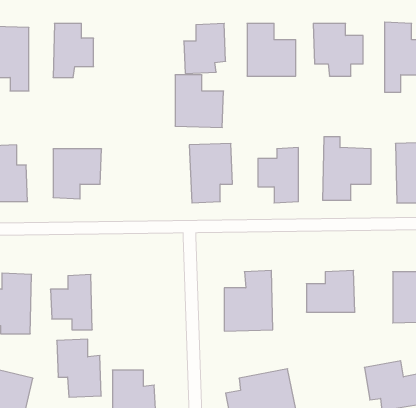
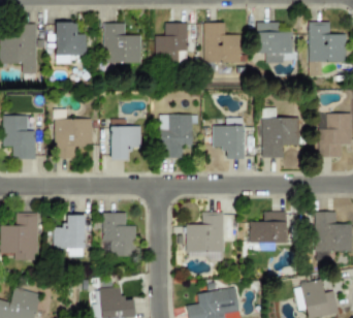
building: [175,75,224,127] -> [105,24,142,64]
building: none -> [110,127,141,160]
building: [57,339,101,397] -> [103,213,137,257]

